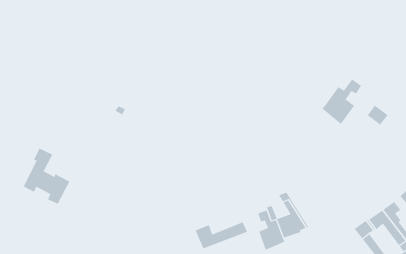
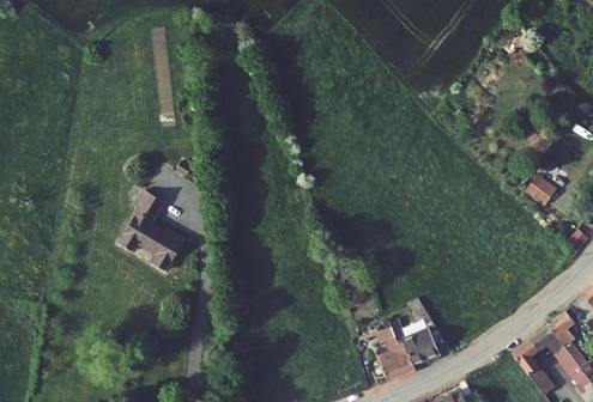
building: [321,78,362,125] -> none
building: [23,148,70,205] -> [117,189,183,268]
building: [195,222,248,249] -> none

